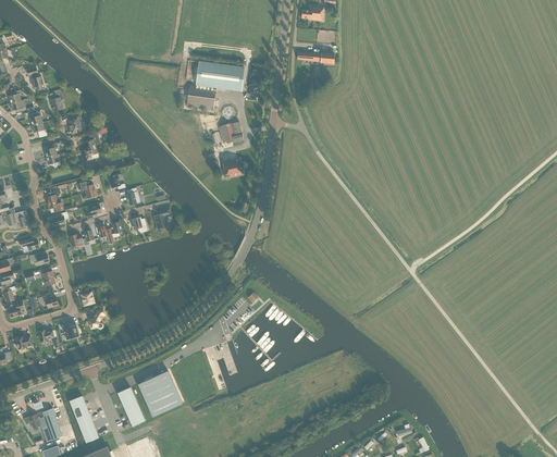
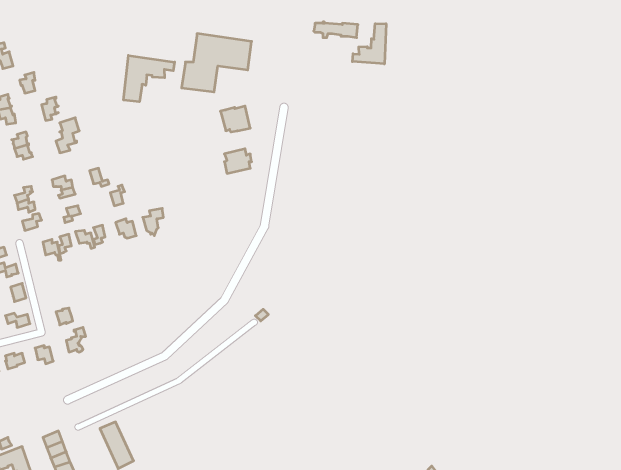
building: none -> [352,24,386,64]
building: none -> [124,55,175,102]
building: [137,370,182,416] -> none

